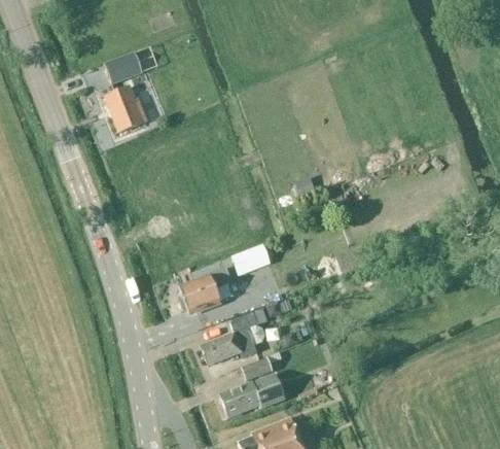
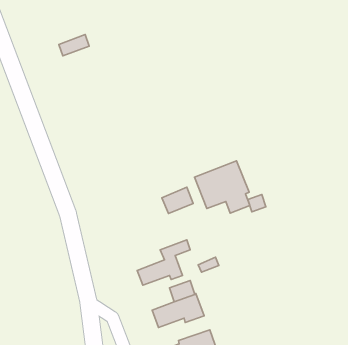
building: [104,85,146,131] -> none
building: none -> [194,161,250,213]
building: [179,267,229,312] -> none

